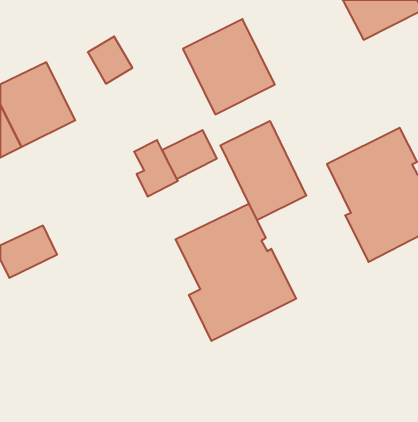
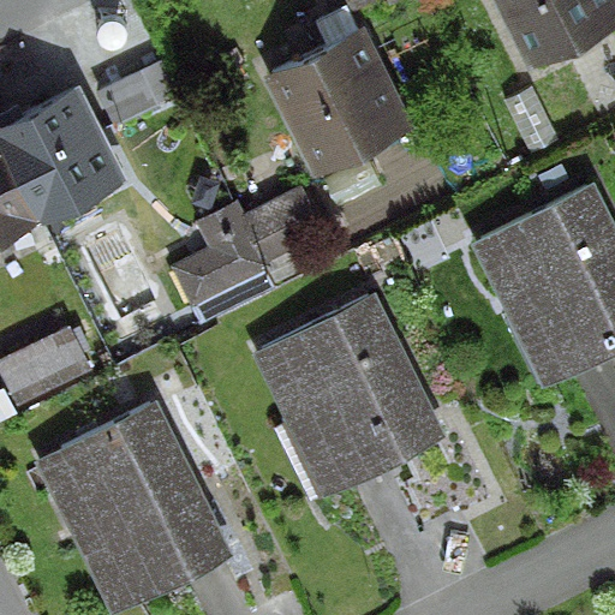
building: [220,121,306,220] -> none
building: none -> [61,405,223,607]

